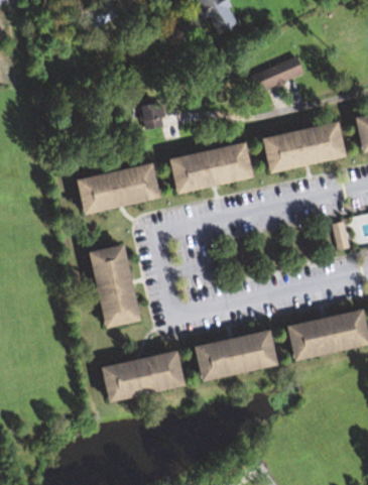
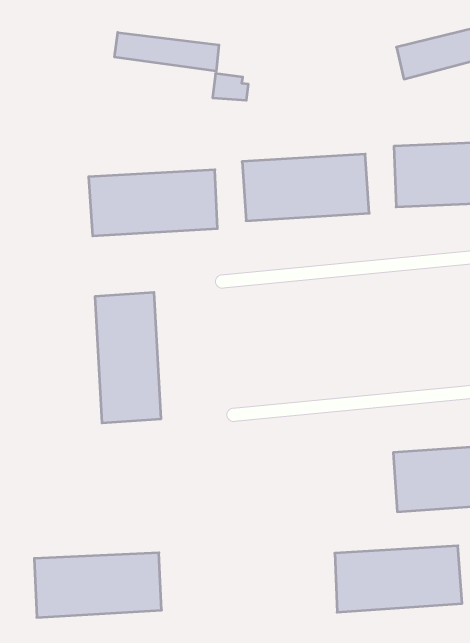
building: none -> [115,32,219,71]
building: [194,331,276,381] -> [335,546,462,612]
building: [101,352,183,401] -> [34,553,162,617]

